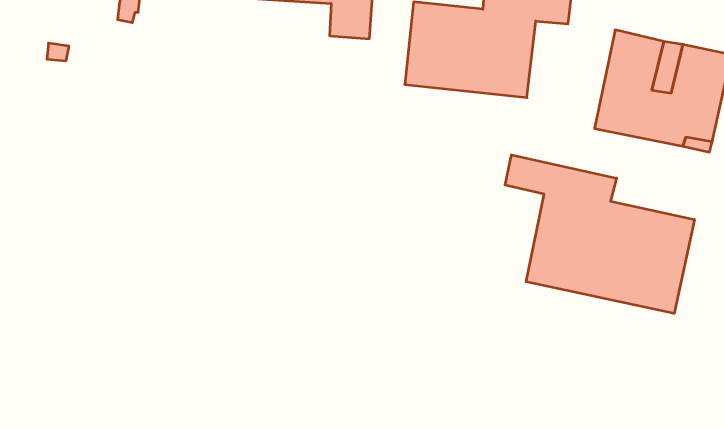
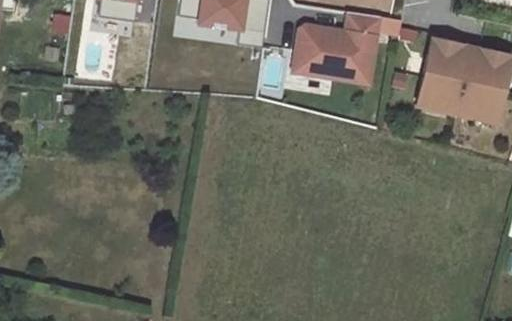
building: [505,155,694,313] -> none

